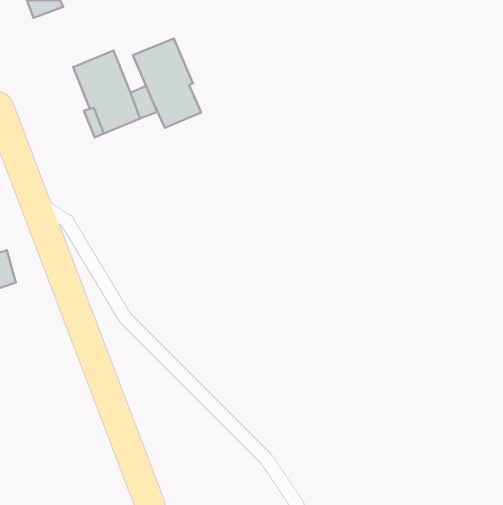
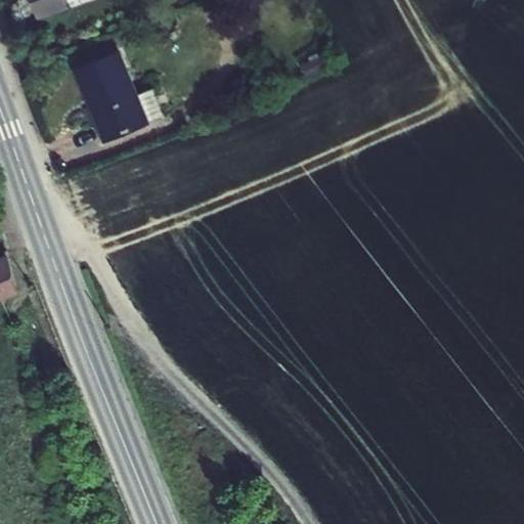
building: [133,38,201,128] -> none

